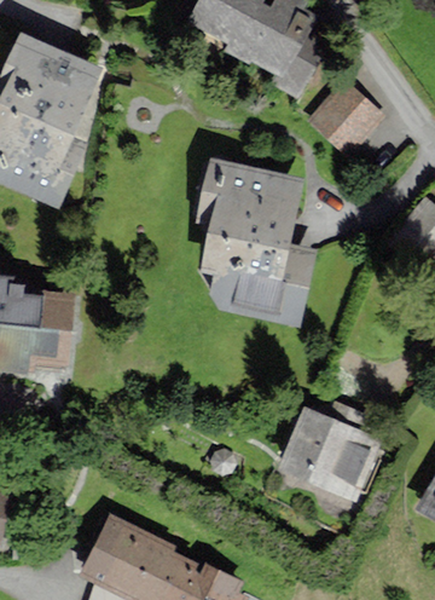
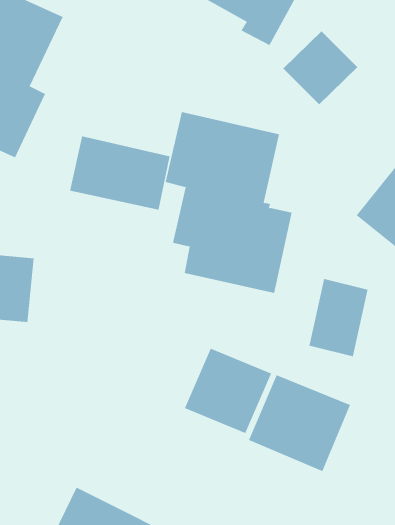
building: none -> [69,136,170,210]
building: none -> [309,278,368,357]
building: none -> [184,348,272,434]

